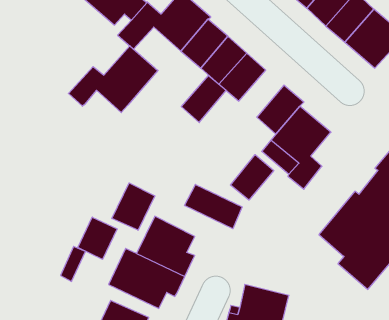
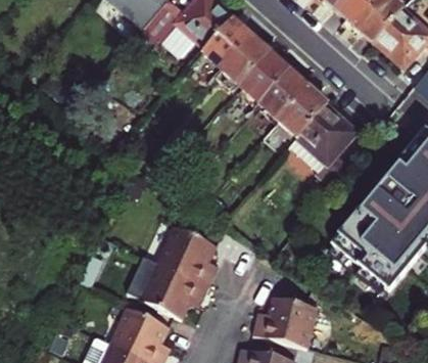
building: [68,46,158,113] -> none
building: [181,75,226,123] -> [261,73,307,121]
building: [230,155,274,200] -> none
building: [112,183,155,230] -> none
building: [185,184,242,229] -> none
building: [78,217,117,259] -> none

